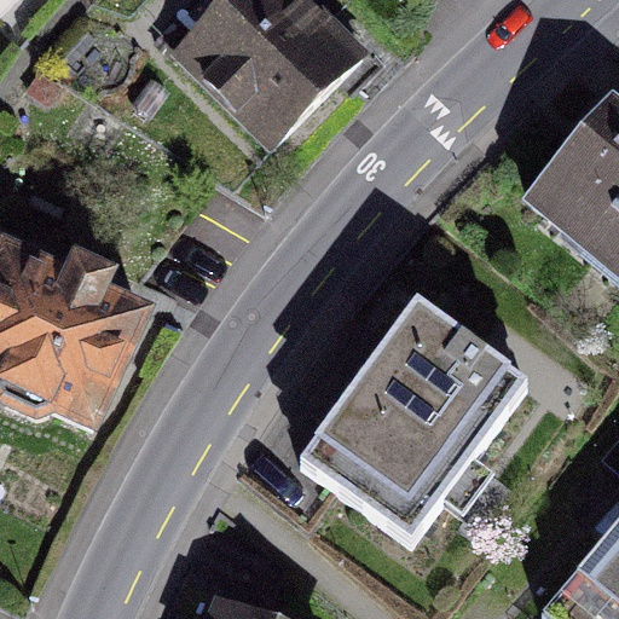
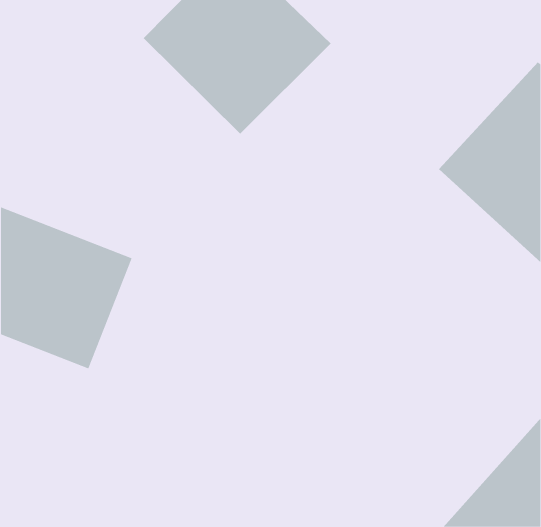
building: [318,302,542,528] -> none

